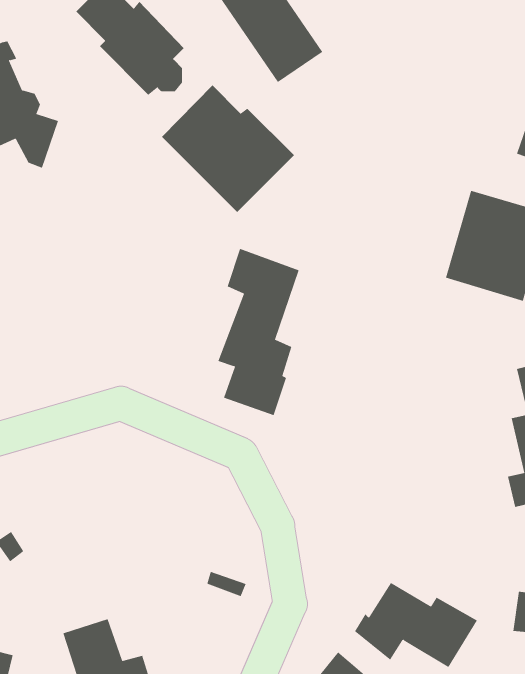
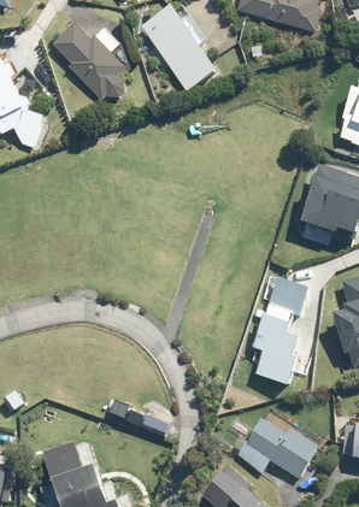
building: [161,84,295,213] -> none
building: [218,248,300,416] -> [255,271,310,382]

